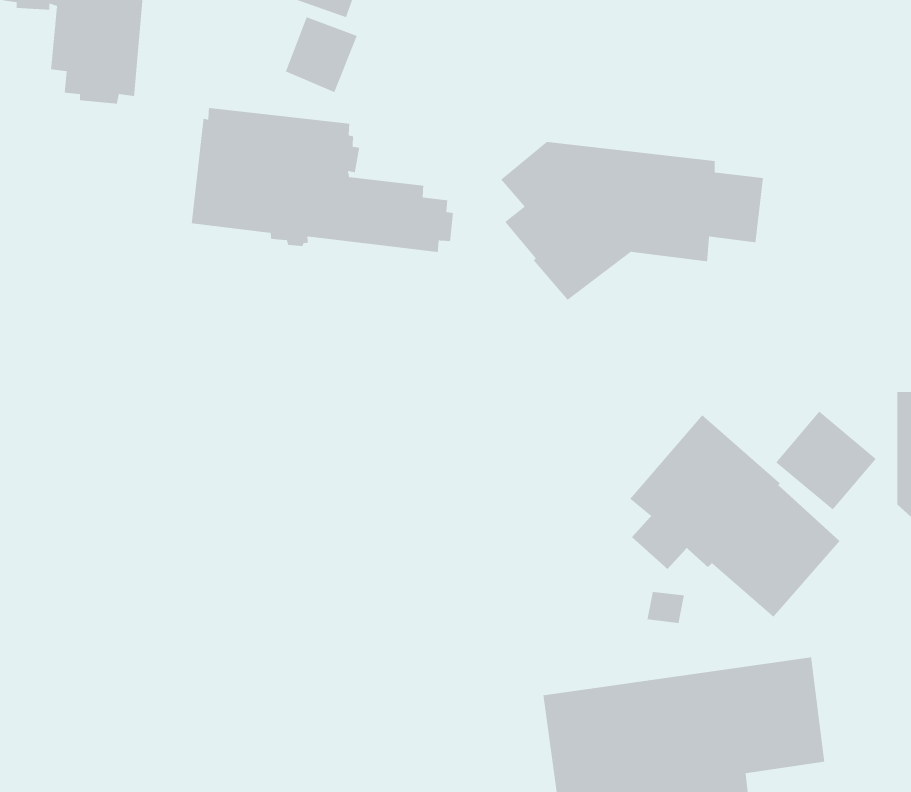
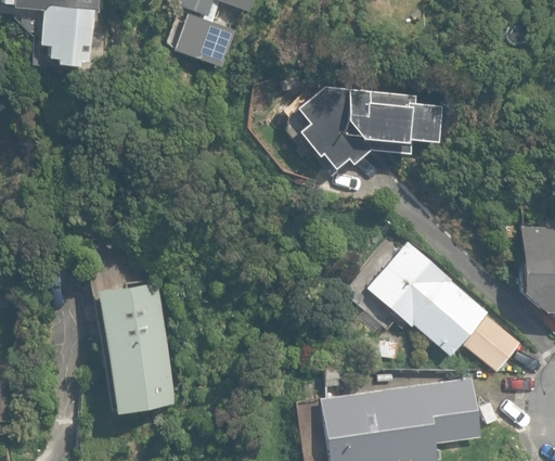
building: [191,107,454,253] -> none
building: [775,411,877,511] -> [465,315,522,371]
building: none -> [95,281,175,412]

